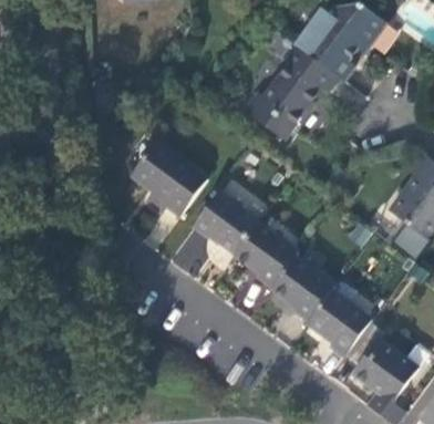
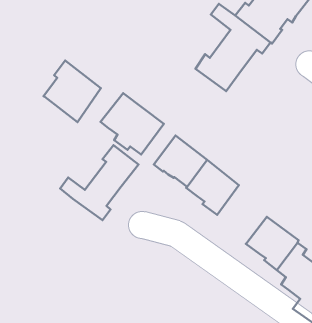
building: none -> [43,60,101,122]
building: none -> [60,145,138,220]
building: [272,257,335,323] -> none

